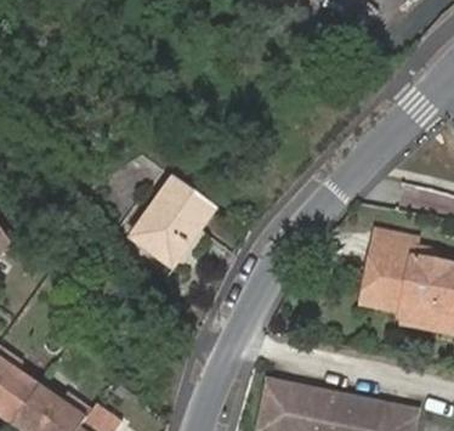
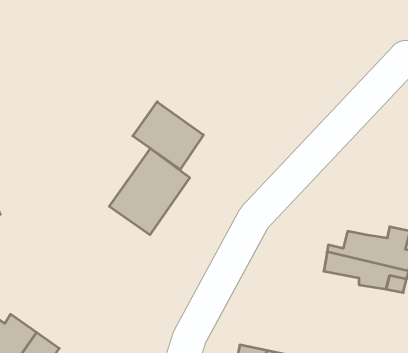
building: none -> [133,102,203,170]
building: [361,231,407,279] -> none

